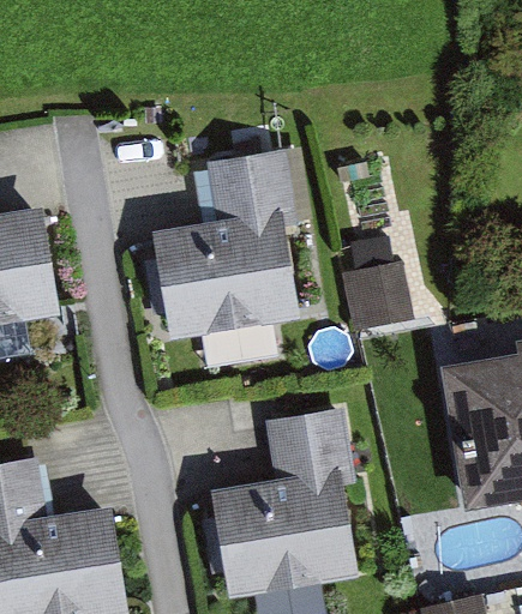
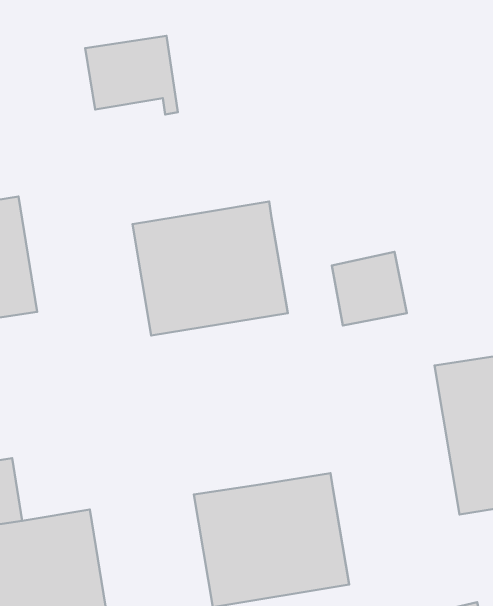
building: [208,151,296,227] -> [85,36,178,115]
building: [264,407,356,486] -> none

